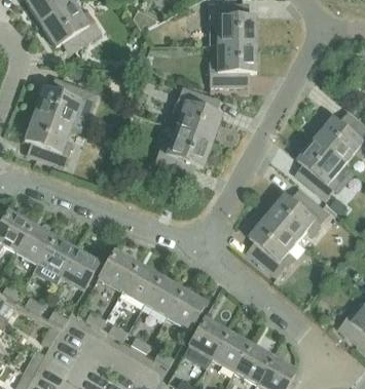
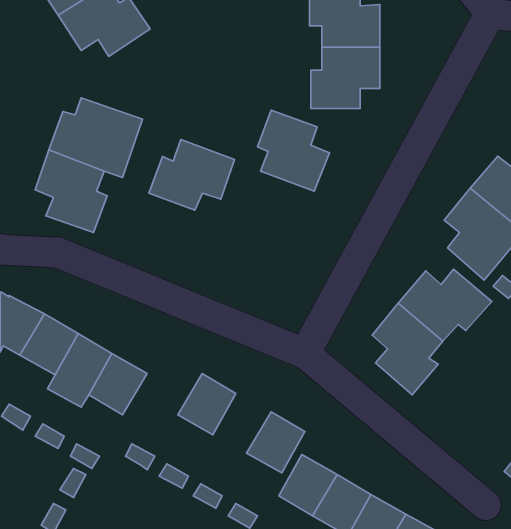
building: [153,127,211,174] -> [149,140,235,210]
building: [97,249,136,290] -> none
building: [143,276,182,316] -> none

